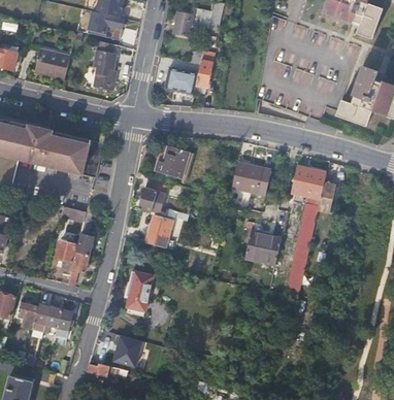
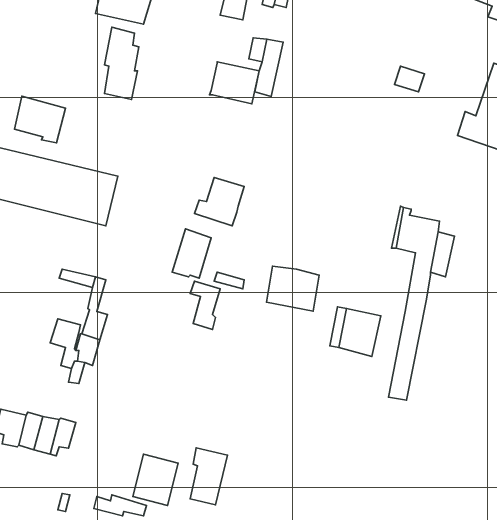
building: [35,46,70,78] -> [14,96,65,143]
building: [232,162,268,193] -> [267,266,319,311]
building: [126,270,152,309] -> [190,448,228,505]

